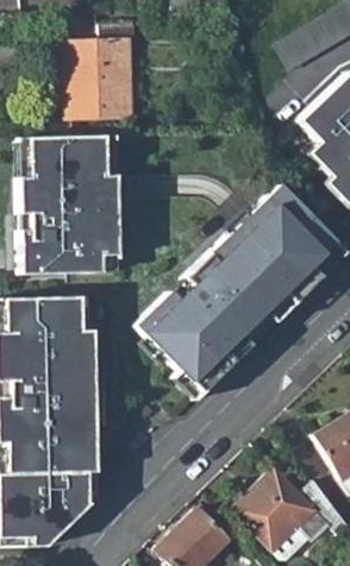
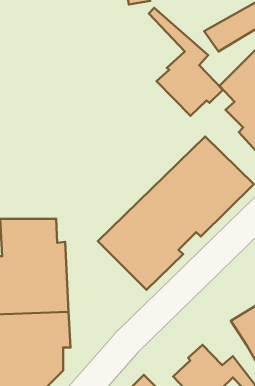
building: none -> [149,8,223,116]
building: [58,23,136,131] -> none
building: [18,137,115,273] -> none

